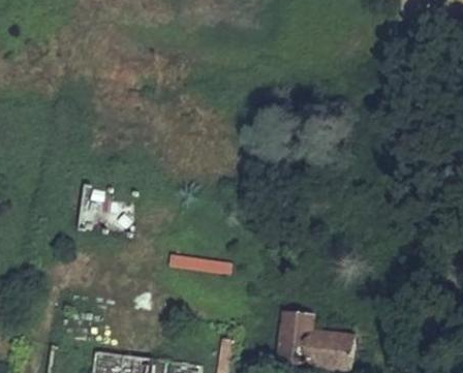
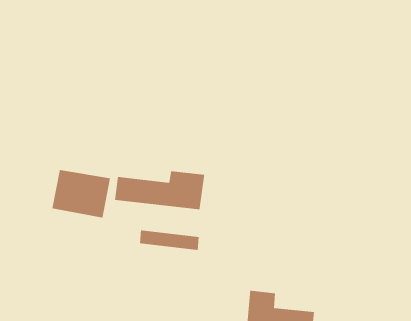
building: none -> [114,171,205,210]

